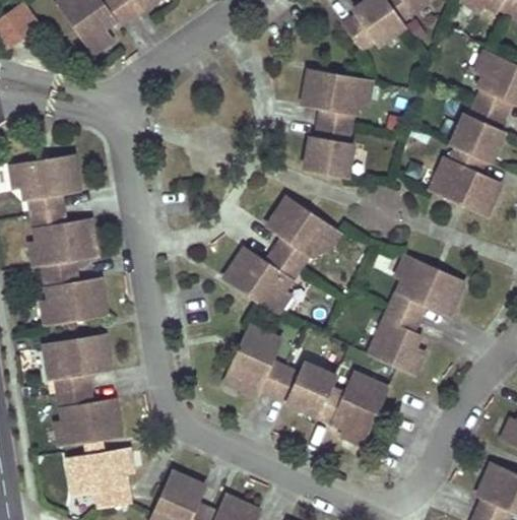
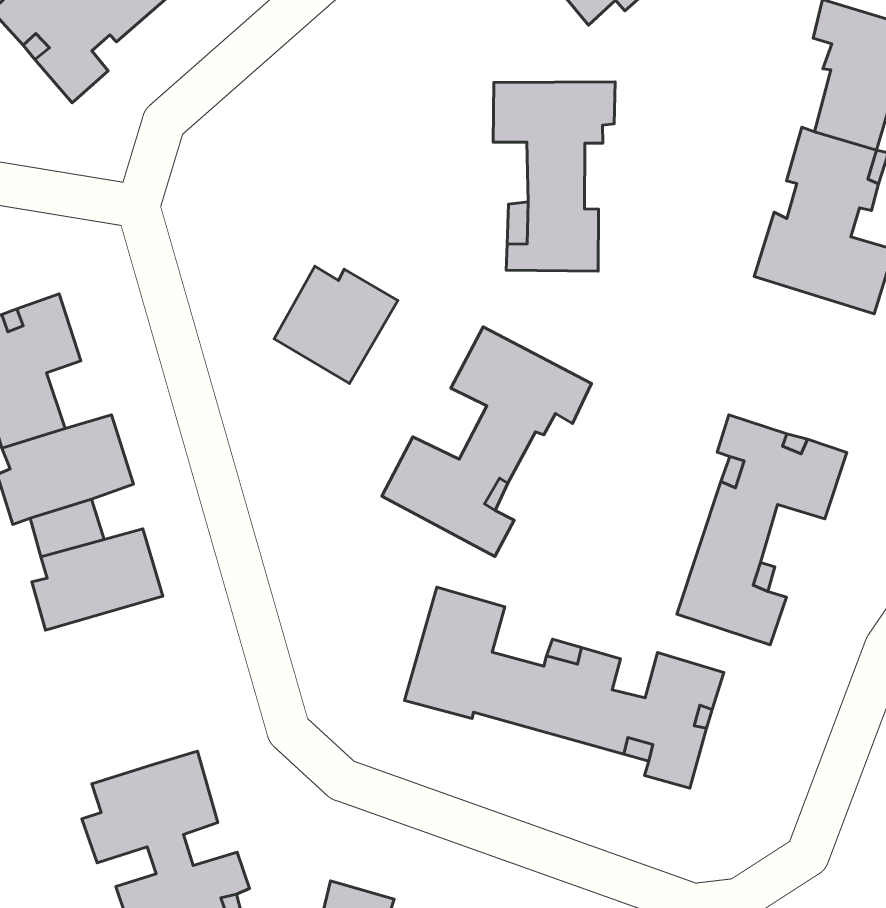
building: none -> [274,266,398,383]
building: [45,333,110,405] -> none

